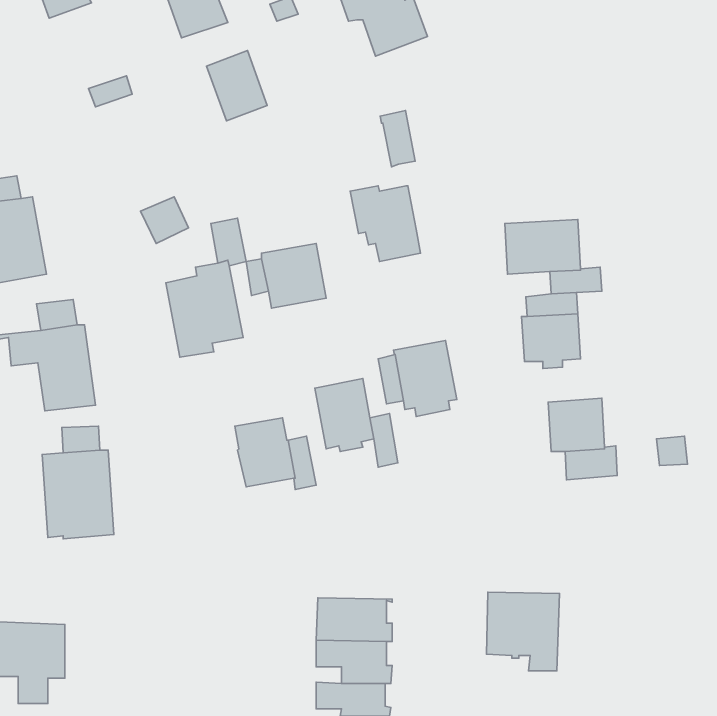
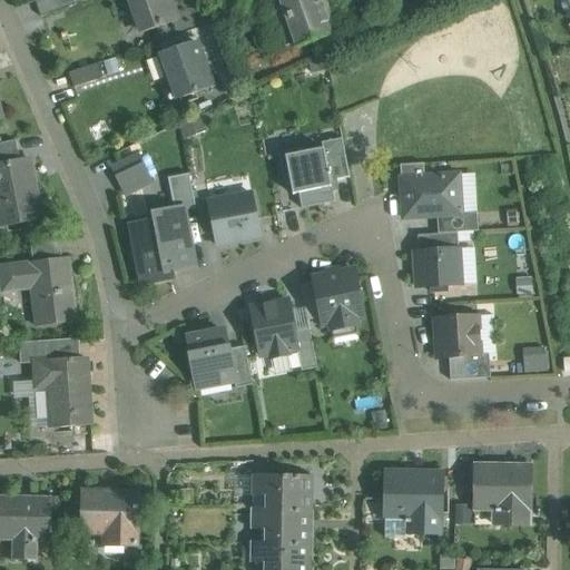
building: [380,111,415,167] -> [321,137,348,181]
building: none -> [475,464,529,522]
building: none -> [82,488,139,543]

